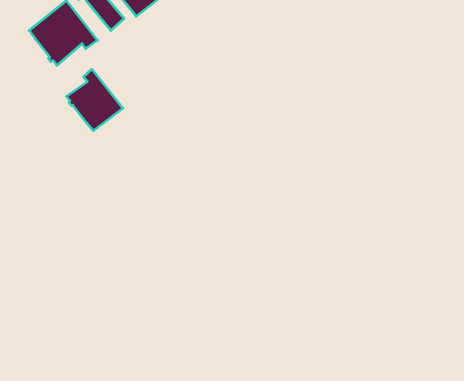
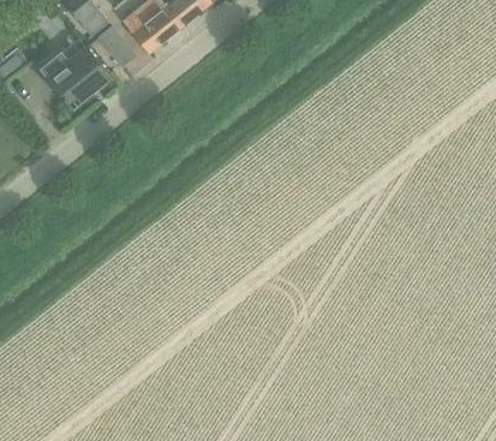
building: [66,69,123,131] -> none

